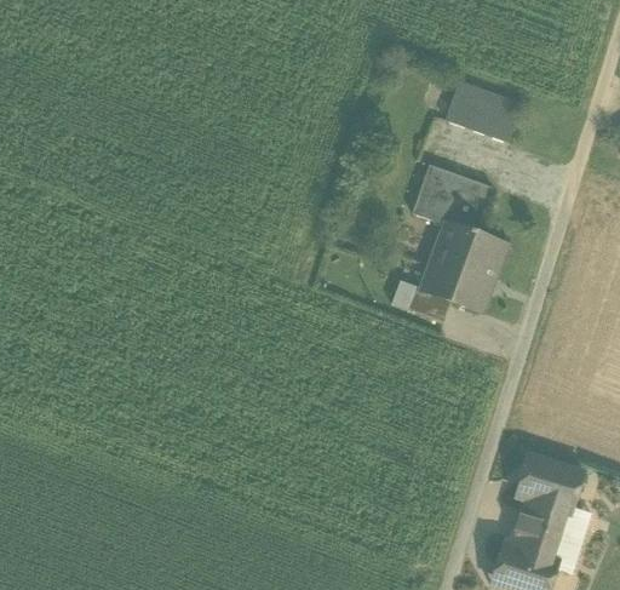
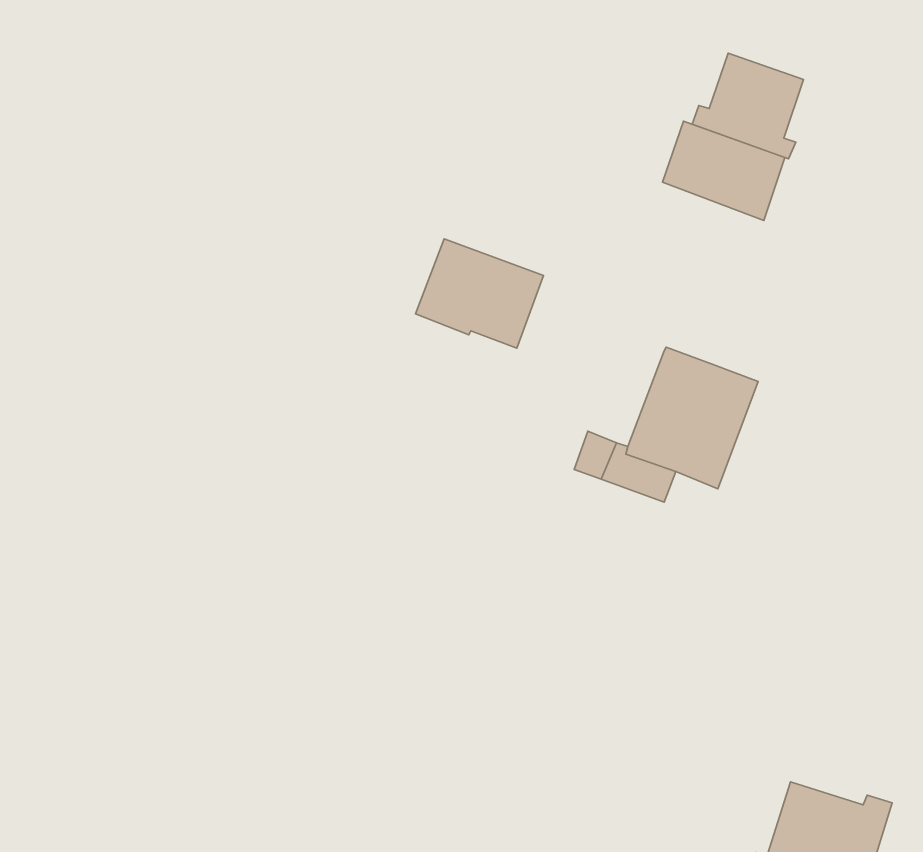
building: none -> [692,53,803,159]
building: [409,164,490,233] -> [415,239,544,348]
building: [513,453,582,511] -> none

